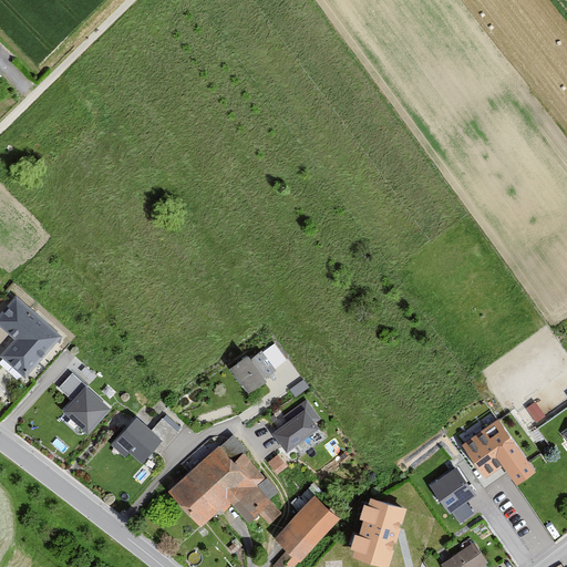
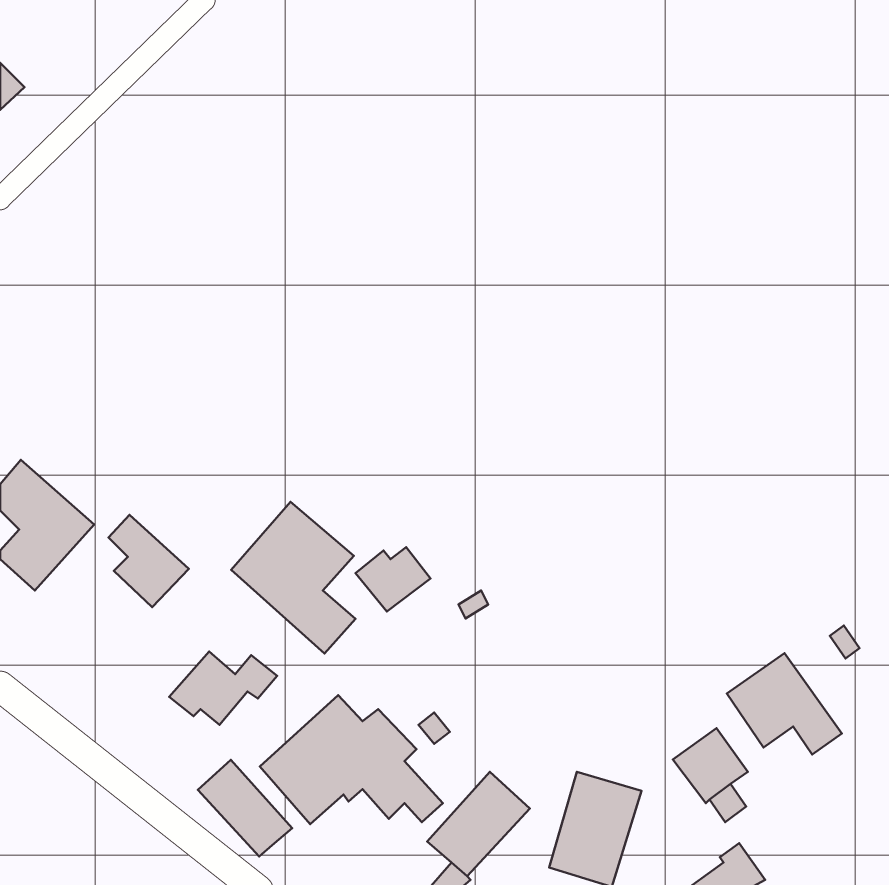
building: none -> [231,502,355,654]
building: [58,374,109,433] -> [109,515,189,607]
building: [274,410,323,454] -> none
building: none -> [198,760,292,857]

